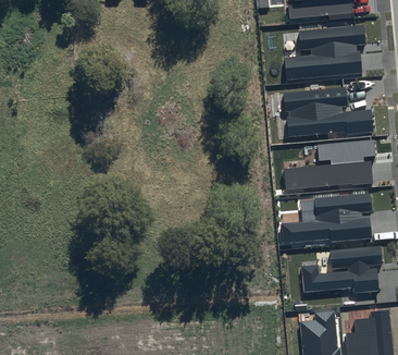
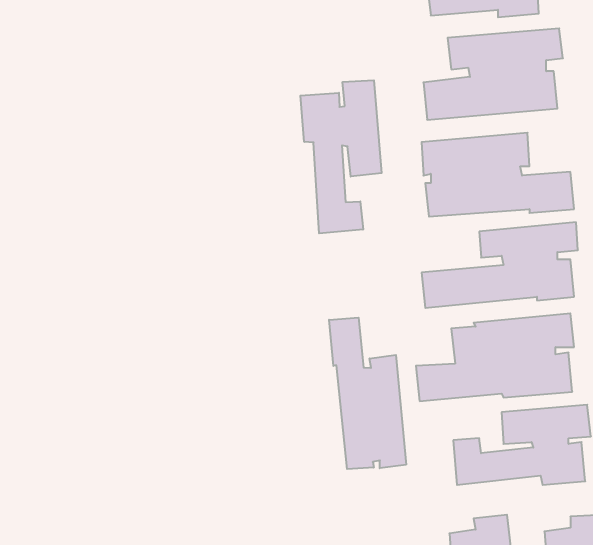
building: none -> [300,80,382,233]
building: none -> [329,318,406,469]

